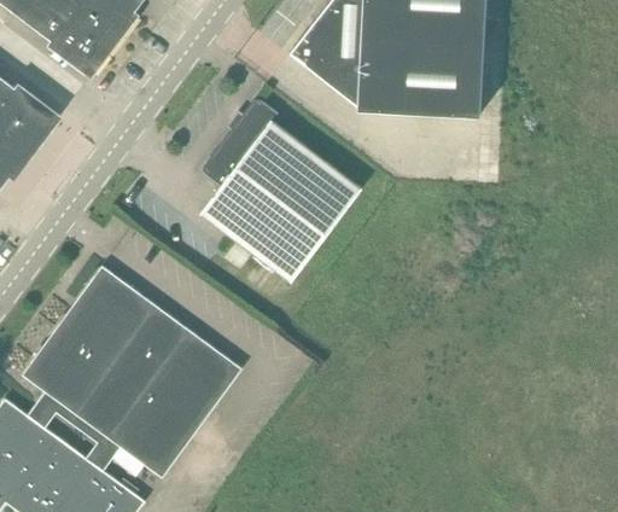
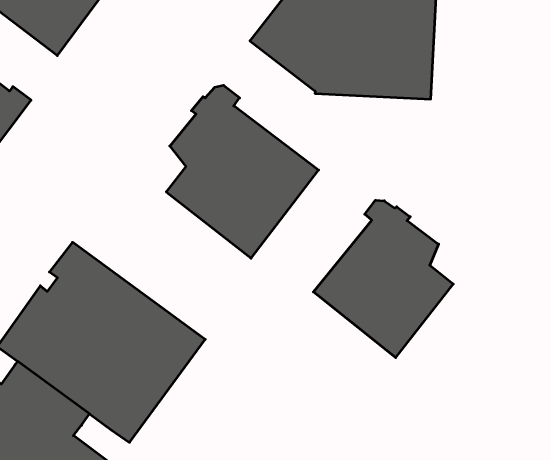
building: none -> [313,200,453,358]

